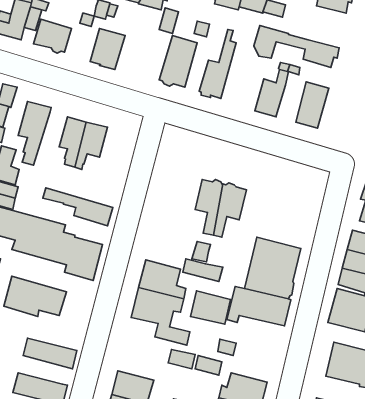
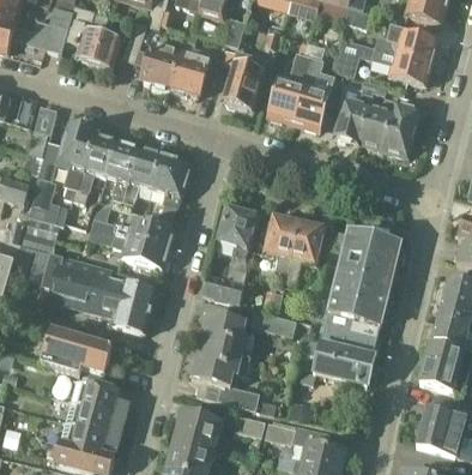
building: none -> [373,22,435,62]
building: none -> [294,42,334,131]
building: none -> [170,48,210,95]
building: none -> [358,100,393,149]
building: none -> [75,137,115,202]
building: none -> [152,155,192,223]
building: none -> [217,204,256,255]
building: none -> [90,217,174,248]
building: none -> [335,230,400,296]
building: none -> [201,266,246,302]
building: [190,291,230,324] -> none
building: none -> [68,379,129,415]
building: none -> [174,411,223,450]
building: none -> [58,421,121,455]

